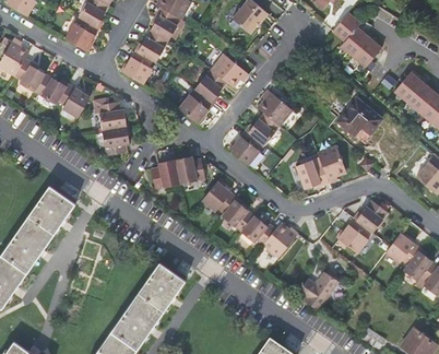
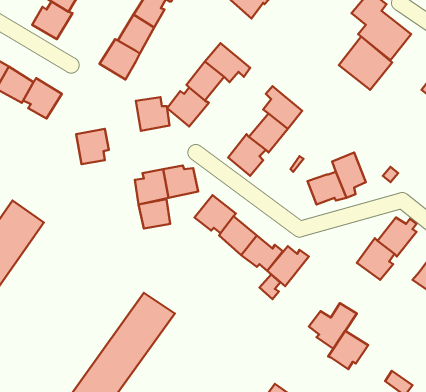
building: [336,97,381,142] -> [339,37,392,90]
building: [97,102,126,130] -> [136,97,169,131]
building: none -> [138,199,170,228]
building: none -> [328,331,368,369]

